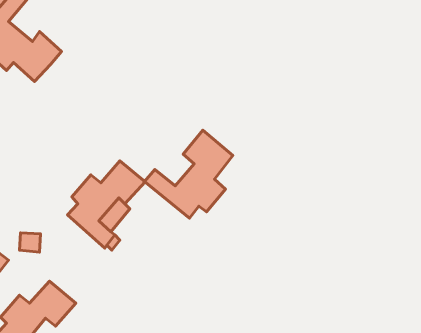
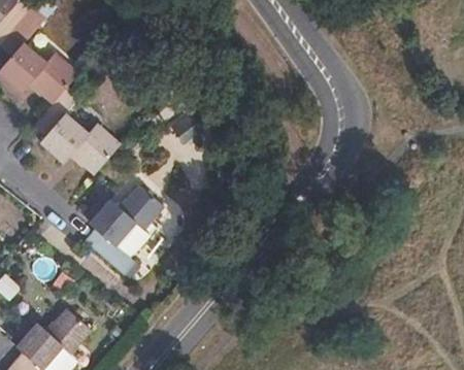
building: none -> [32,87,121,175]
building: [145,130,233,218] -> none

